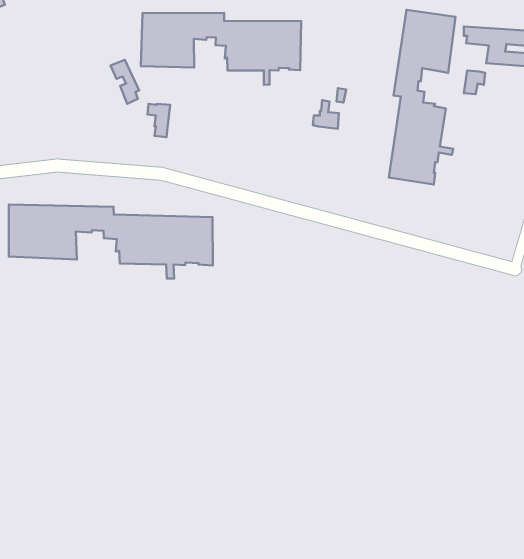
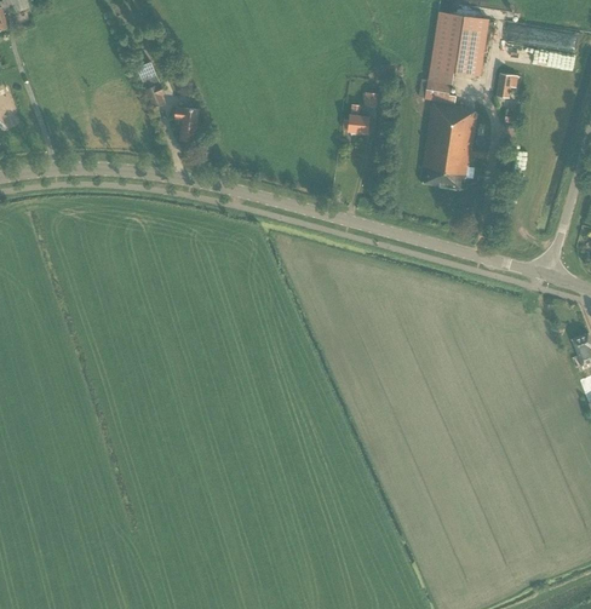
building: [141,13,301,85] -> none
building: [9,204,213,279] -> none

